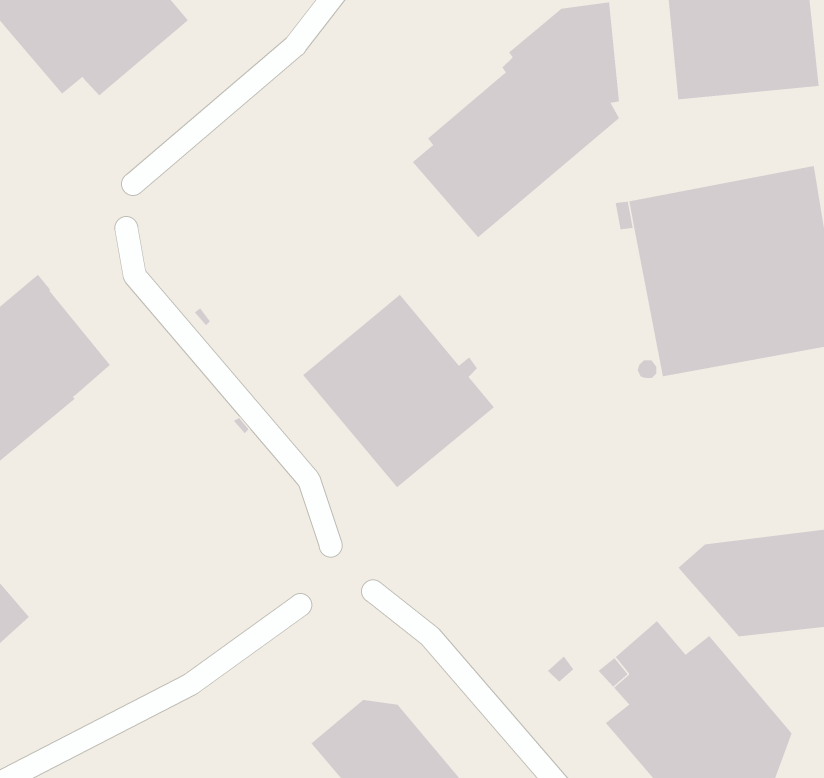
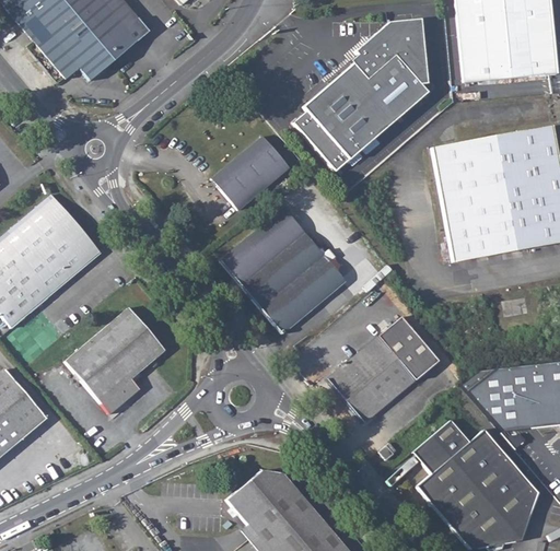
building: none -> [212,136,289,210]
building: none -> [66,307,165,413]
building: none -> [328,317,438,422]

